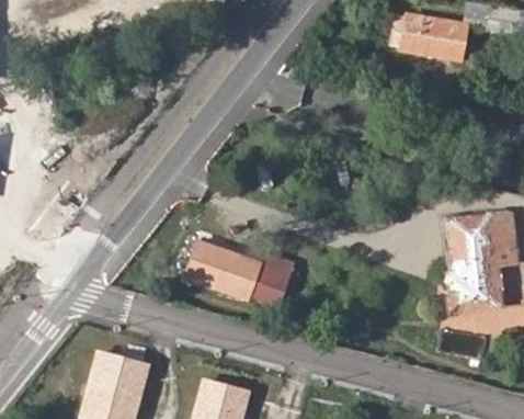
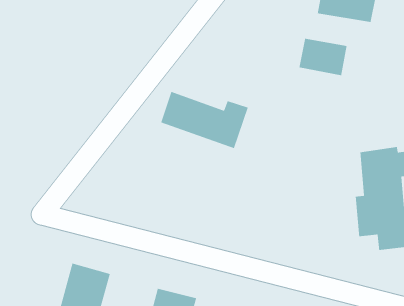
building: none -> [298,38,347,76]
building: [189,239,296,309] -> [160,91,249,149]

